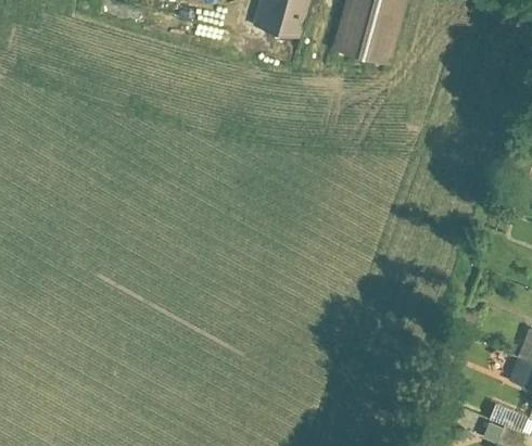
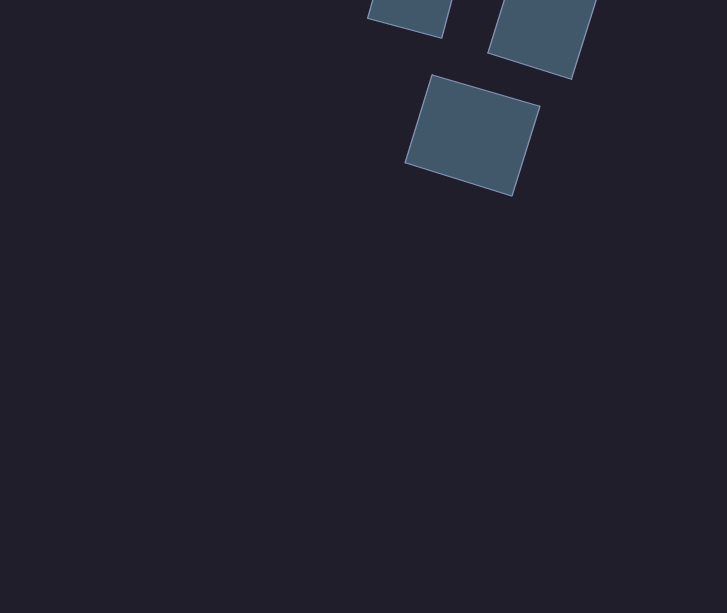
building: none -> [405,75,540,196]

